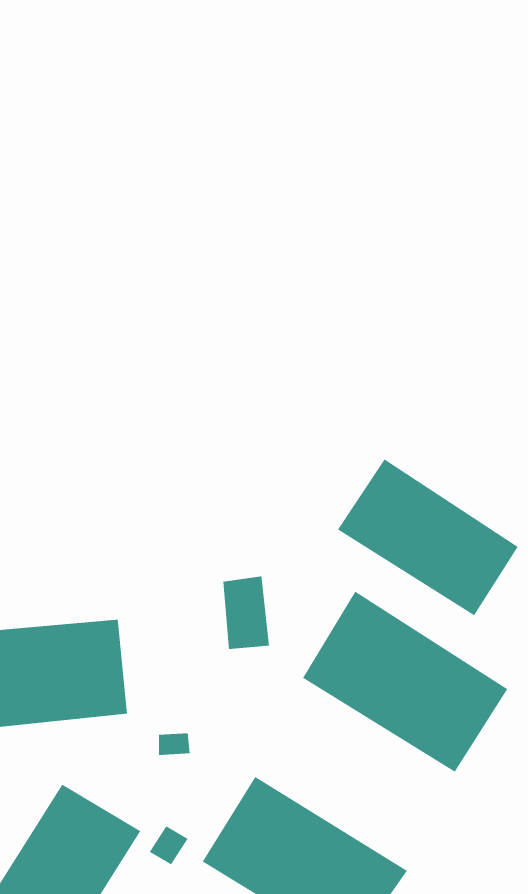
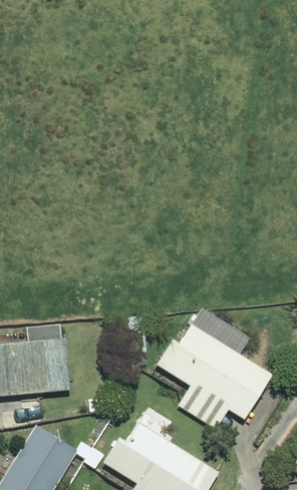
building: [337,459,519,616] -> none

